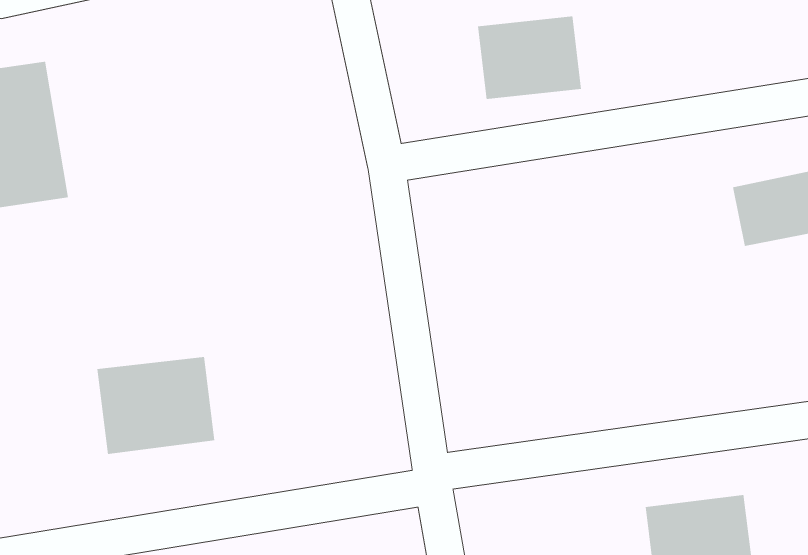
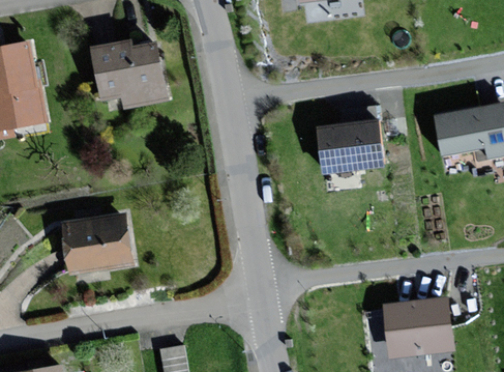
building: [477,16,582,100] -> [318,121,380,171]
building: none -> [92,40,164,105]

